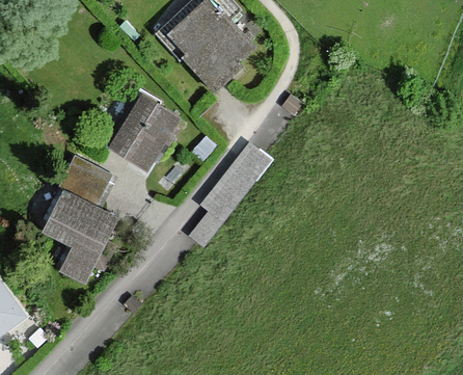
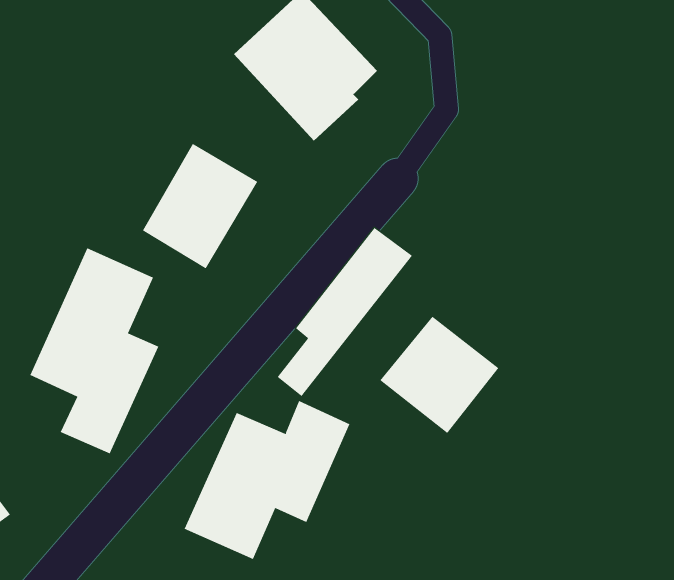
building: none -> [380,316,499,434]
building: none -> [184,400,350,560]

